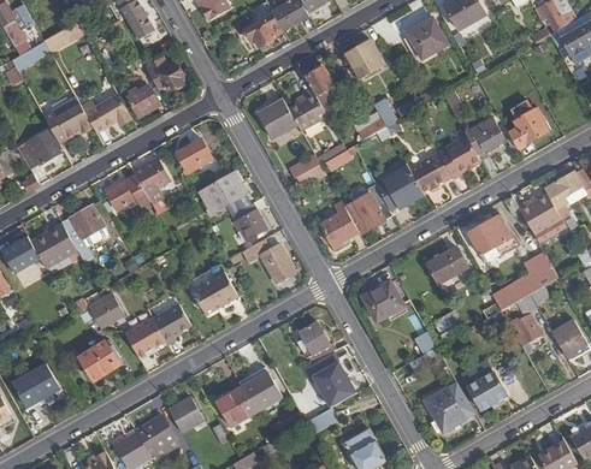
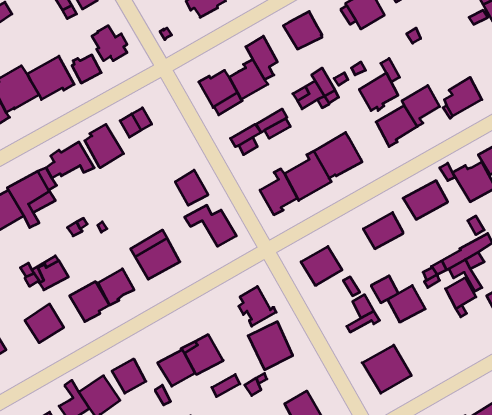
building: [410,154,450,192] -> [359,73,398,111]
building: [199,170,247,214] -> none
building: [467,372,506,409] -> [388,285,425,322]

